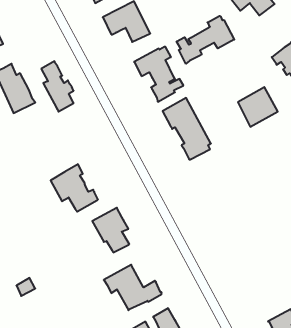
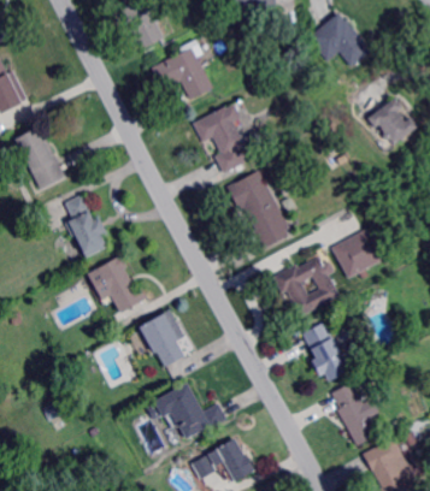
building: [177,16,234,64] -> none
building: [41,61,74,112] -> [65,194,106,258]
building: [238,87,278,127] -> [331,229,382,279]
building: none -> [273,255,340,317]
building: none -> [302,321,349,380]
building: none -> [331,381,379,445]

